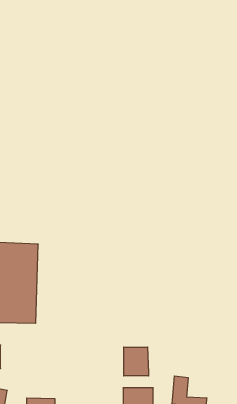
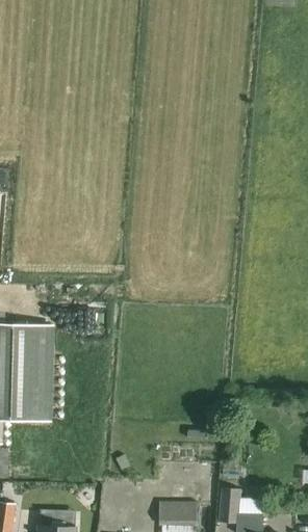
building: [124,347,149,376] -> none

